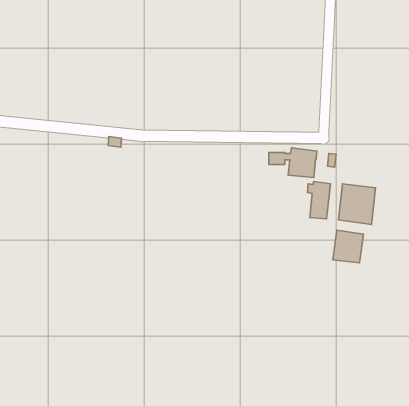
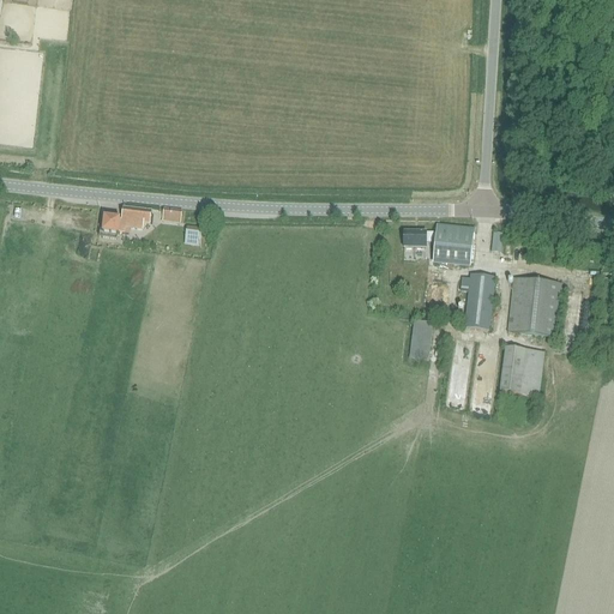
building: none -> [102,204,152,231]
building: none -> [409,319,433,360]

